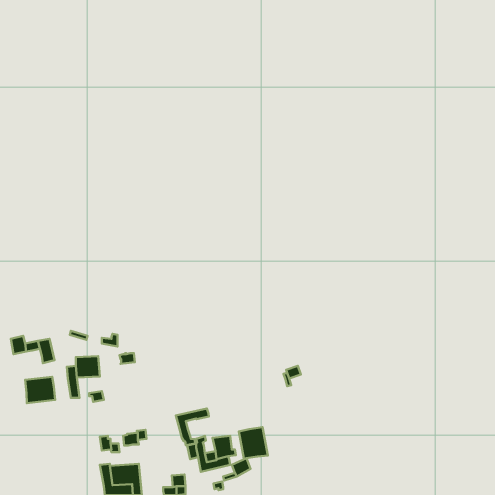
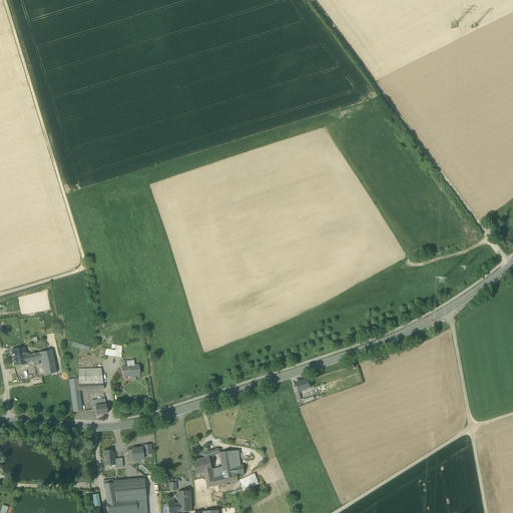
building: [25,377,55,403] -> none
building: [176,408,209,445] -> none
building: [239,427,268,458] -> none

